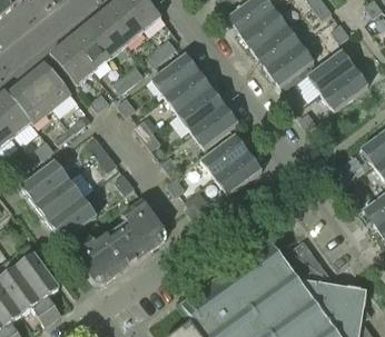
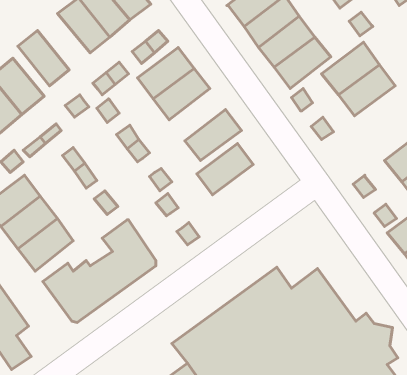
building: [66,23,110,71] -> none
building: [177,87,225,131] -> none
building: [214,151,261,195] -> none

